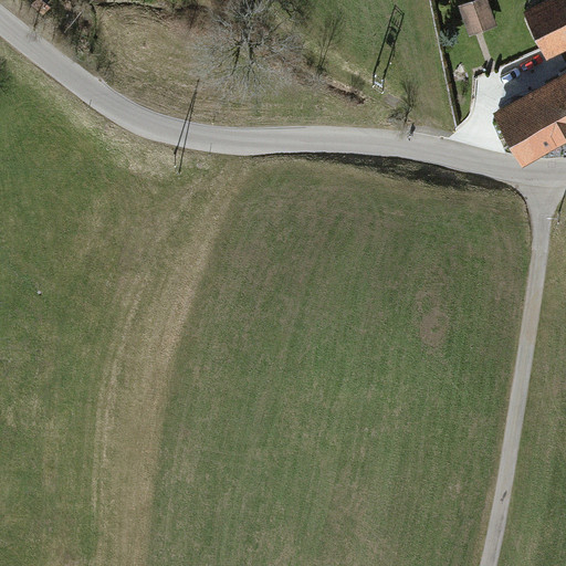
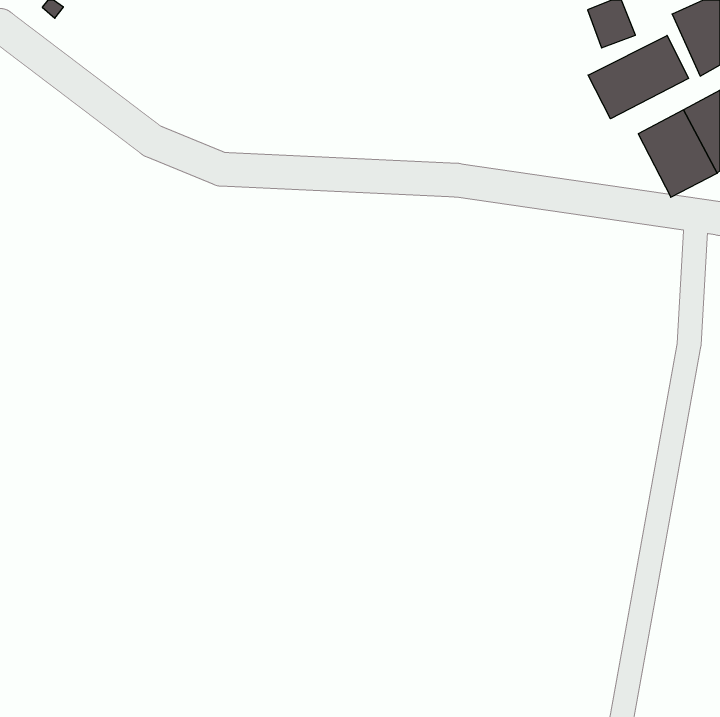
building: none -> [588,35,688,119]

